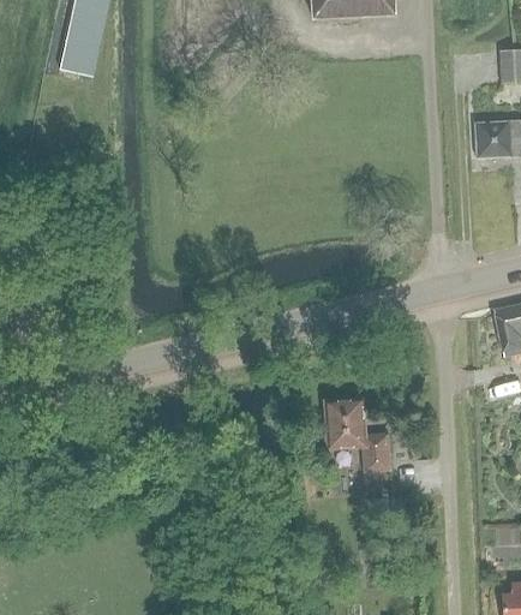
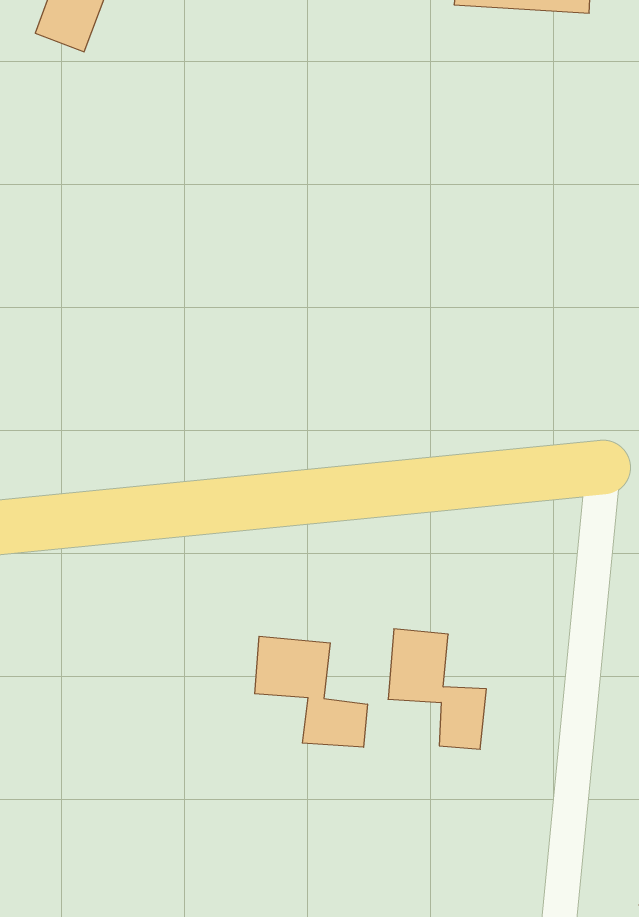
building: none -> [255,636,367,747]

